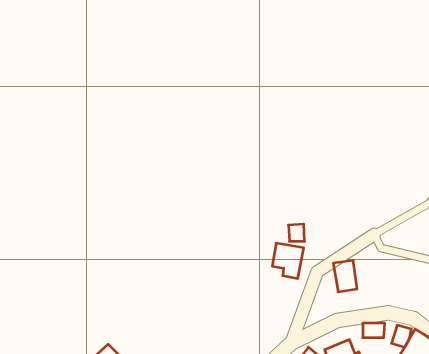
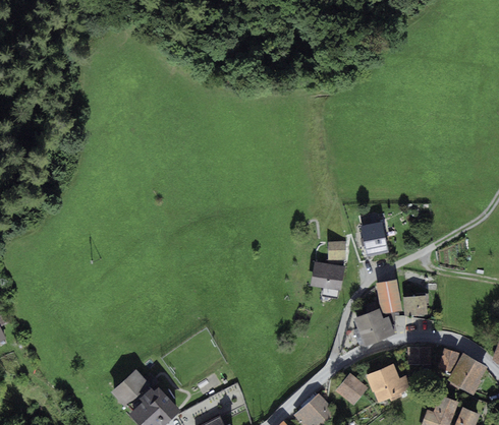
building: none -> [361,221,388,256]
building: none -> [403,296,427,316]
building: none -> [353,309,396,347]

